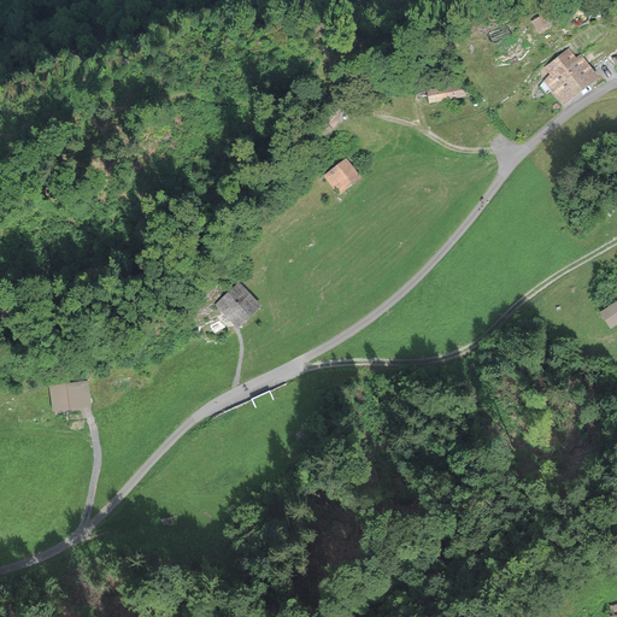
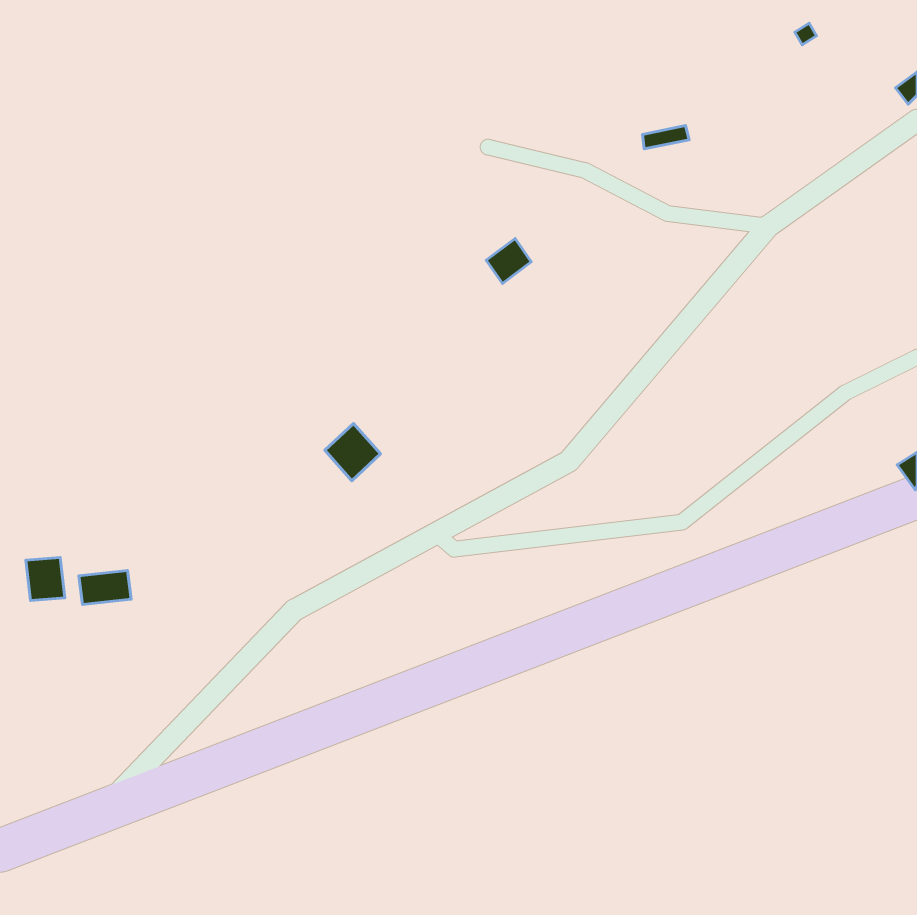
building: [546,51,593,99] -> none
building: none -> [26,558,65,600]

